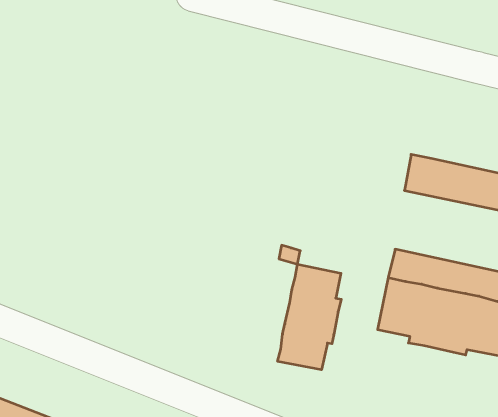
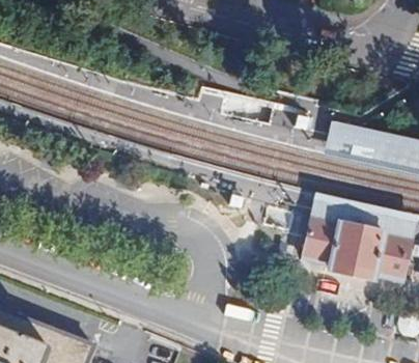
building: [278,264,341,370] -> none

